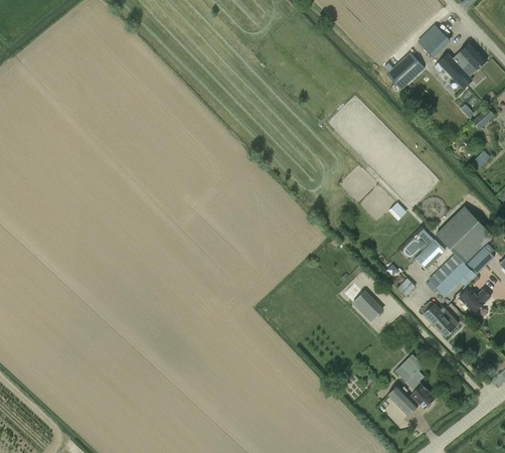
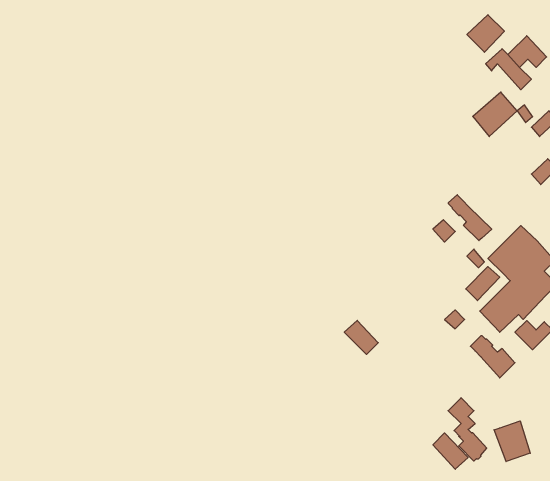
building: [385,52,424,91] -> [473,92,517,137]
building: none -> [448,195,492,241]
building: [351,292,380,321] -> [344,320,378,354]
building: none -> [494,421,530,462]

